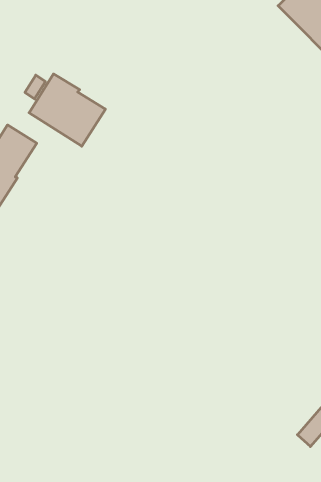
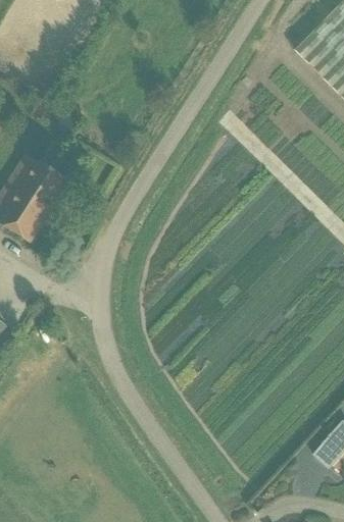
building: [29,74,105,146] -> none

